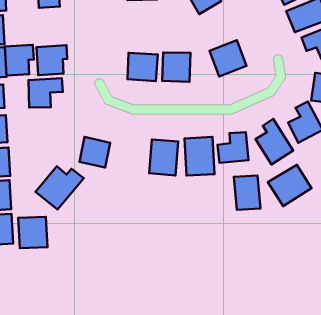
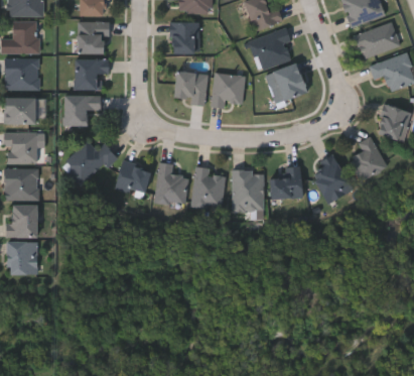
building: none -> [169,22,198,53]
building: none -> [250,28,291,69]
building: [5,45,34,76] -> [78,21,109,53]
building: none -> [157,162,187,205]
building: [268,165,312,206] -> none
building: [36,166,84,210] -> [61,139,116,187]
building: [234,176,261,210] -> none
building: [18,217,48,248] -> none

